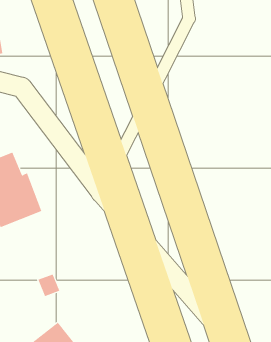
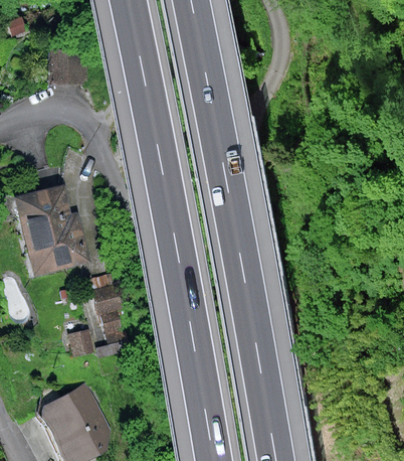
building: none -> [94,285,126,356]

